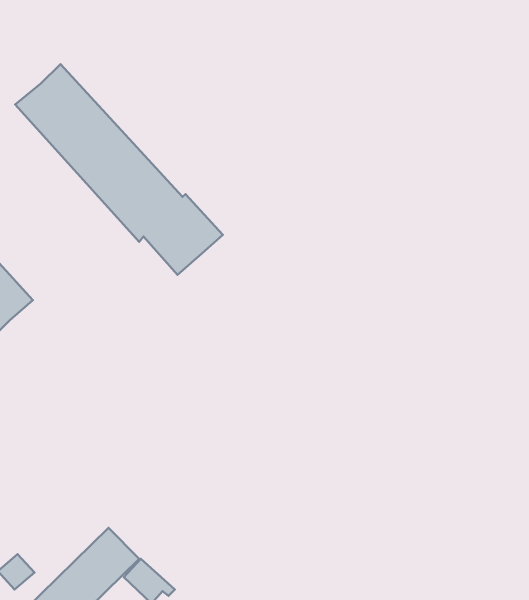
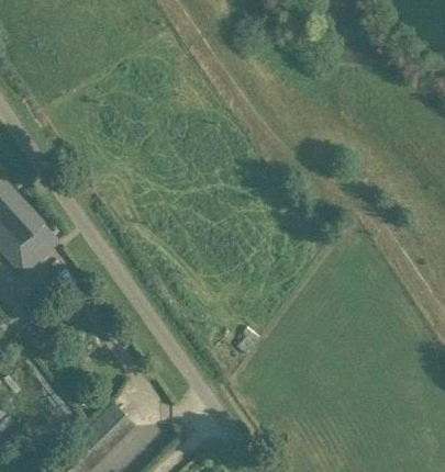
building: [15,64,223,275] -> none

